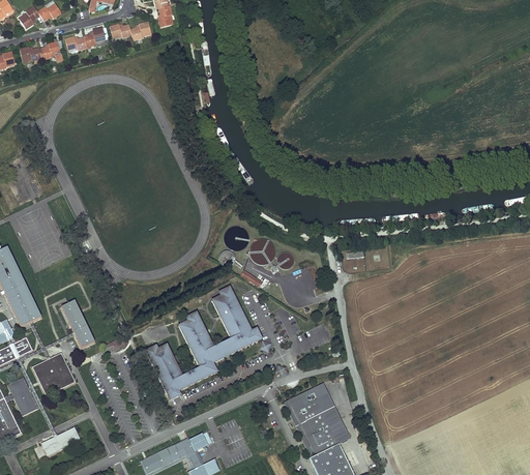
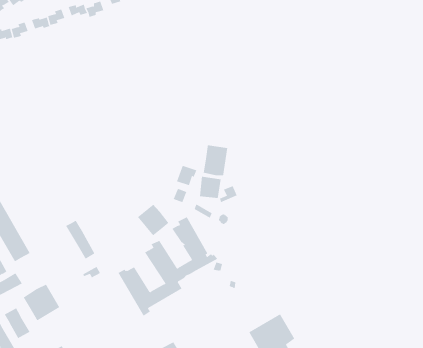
building: none -> [203,144,228,176]
building: none -> [137,204,169,236]
building: [60,301,93,349] -> [65,220,95,259]
building: [284,384,334,426] -> none

